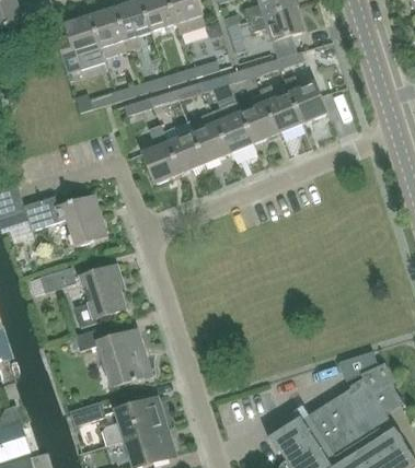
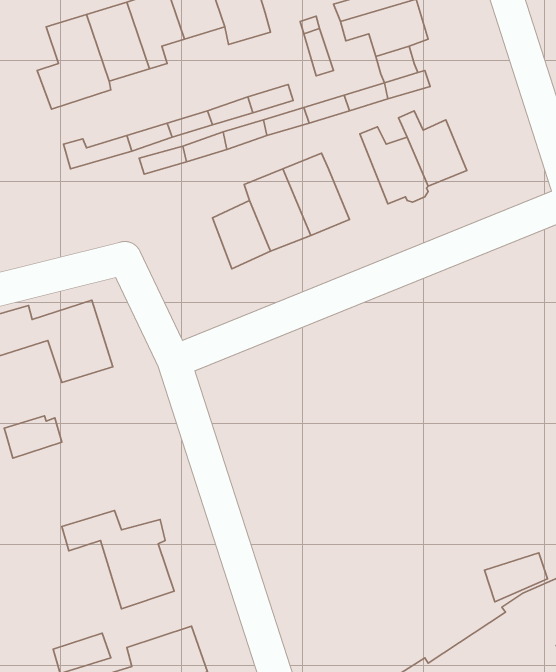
building: [241,90,278,143] -> none
building: [143,125,181,184] -> none
building: [72,265,124,328] -> none

